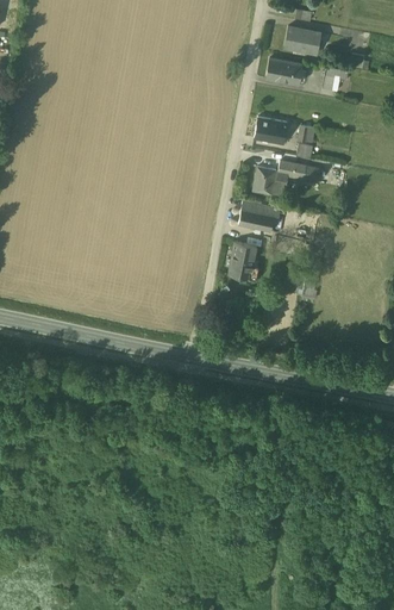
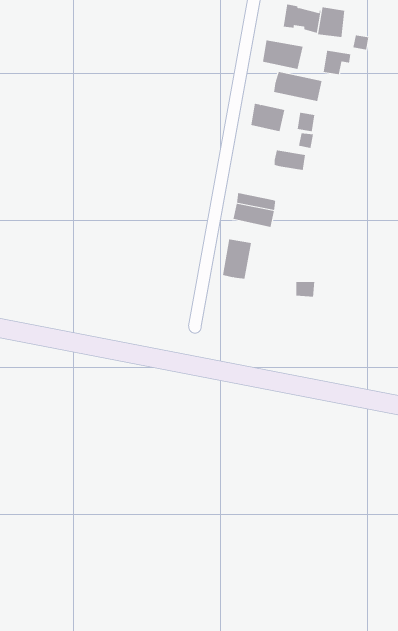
building: none -> [317,6,345,38]
building: none -> [274,71,322,102]
building: [254,166,277,194] -> none

